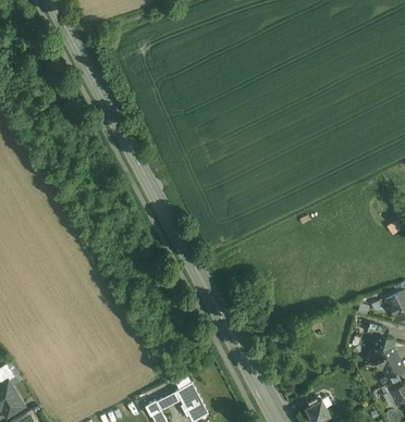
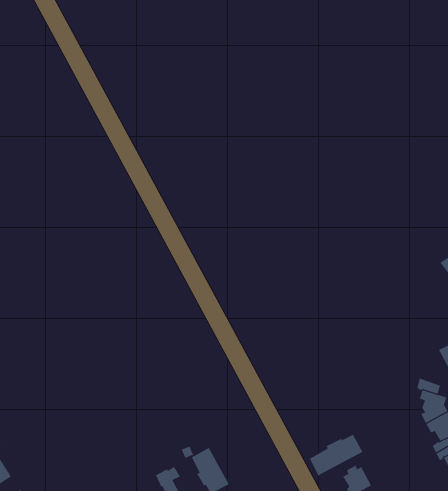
building: none -> [309,434,363,476]

